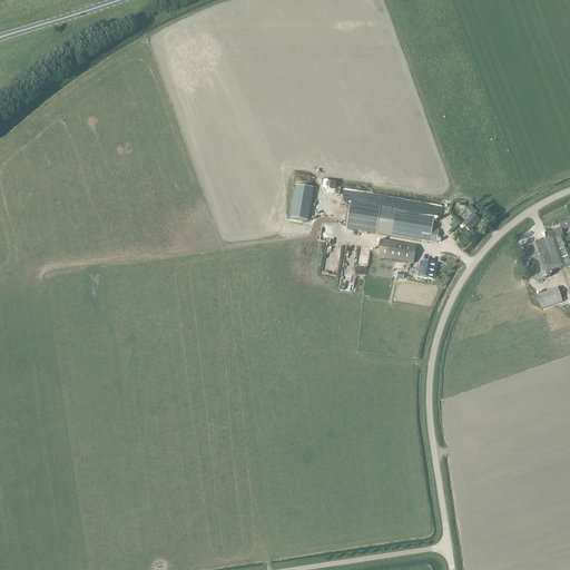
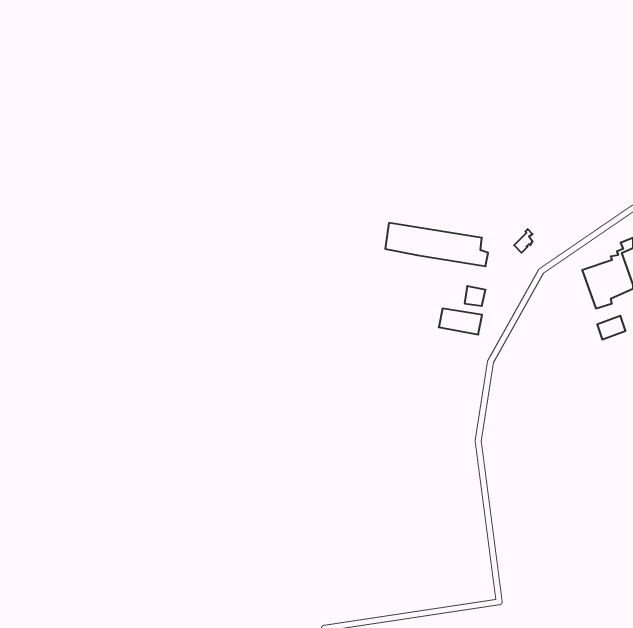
building: [291,181,313,217] -> none
building: [377,237,416,261] -> [439,309,482,335]

